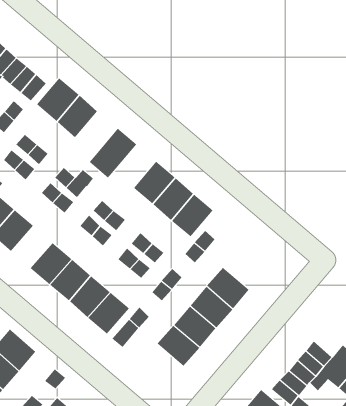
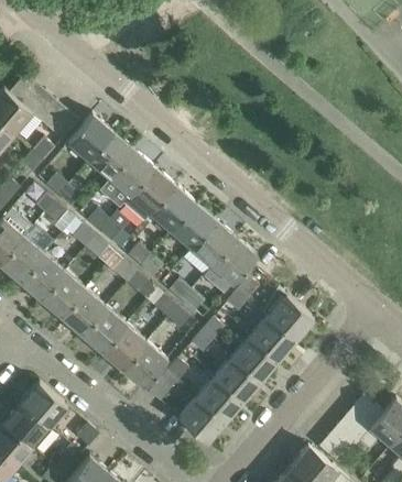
building: none -> [109,151,154,197]
building: none -> [151,186,195,232]
building: none -> [41,273,85,318]
building: none -> [262,288,314,341]
building: none -> [178,398,225,443]

